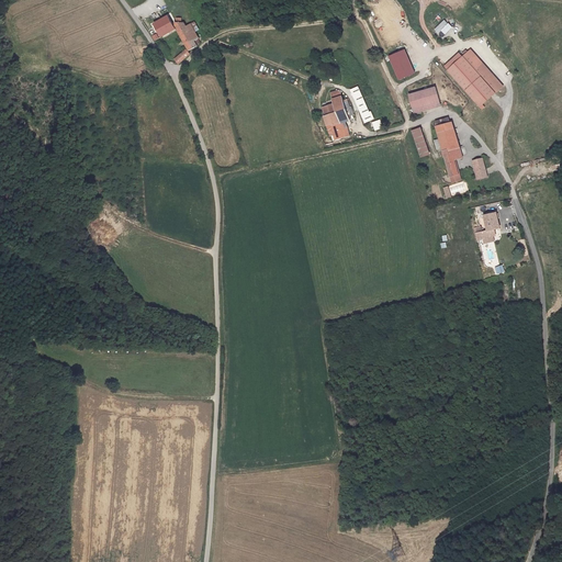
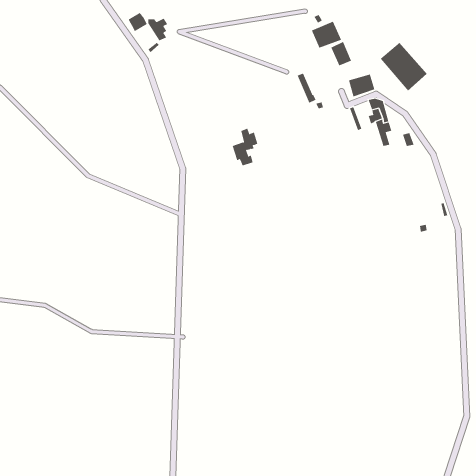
building: none -> [311,21,342,49]
building: [321,91,351,136] -> [232,128,258,166]
building: [473,211,499,239] -> none

